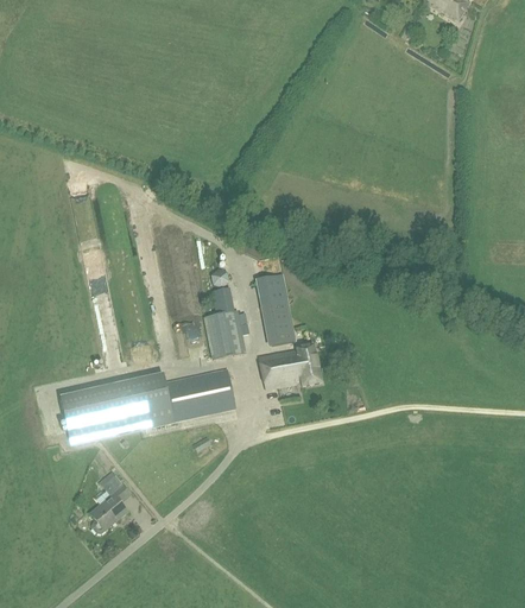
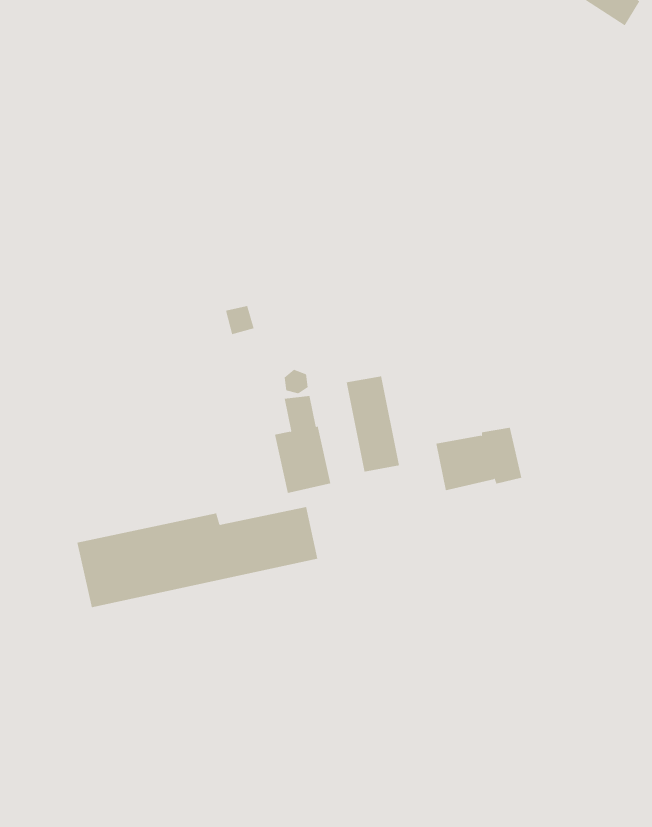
building: [258,343,321,390] -> [436,427,522,491]
building: [88,473,131,531] -> none

